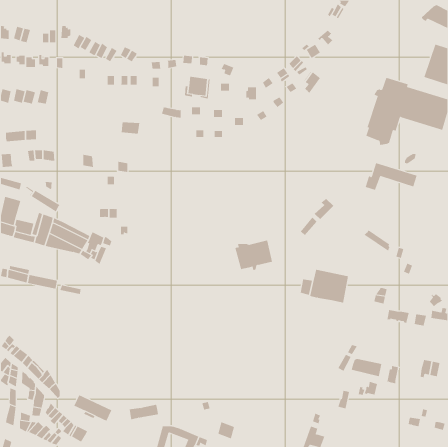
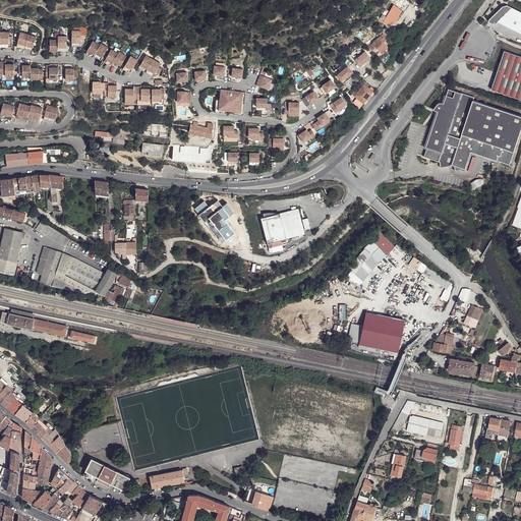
building: [365,162,417,191] -> [453,137,514,170]
building: none -> [206,202,235,232]
building: [234,240,273,271] -> [260,209,305,244]

